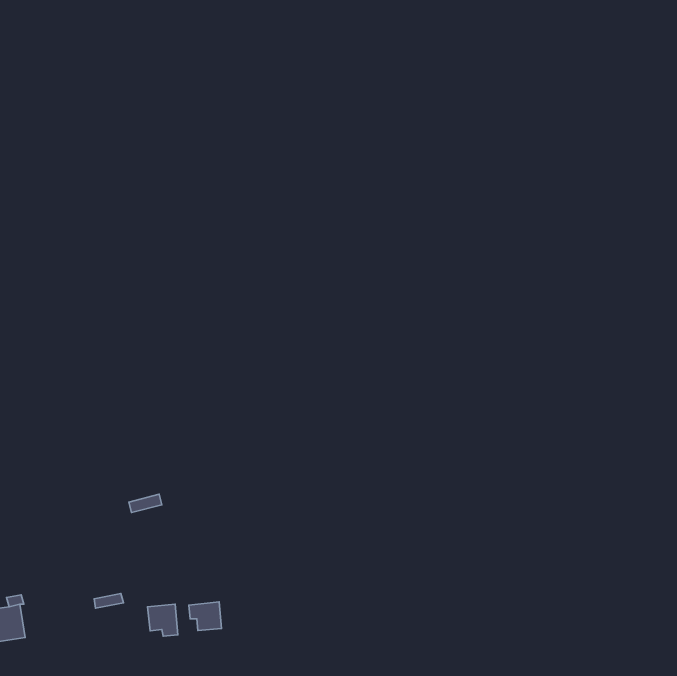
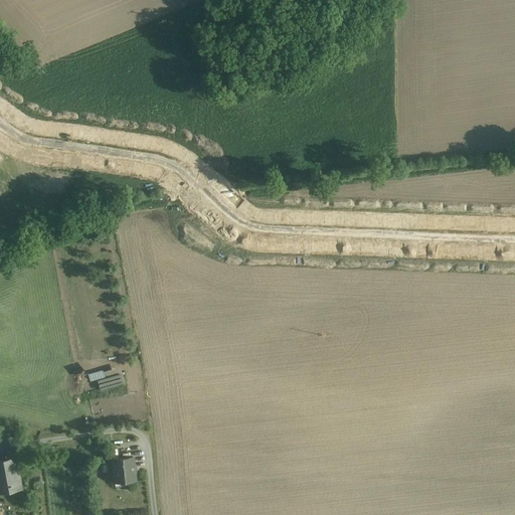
building: [189,602,222,630] -> none

